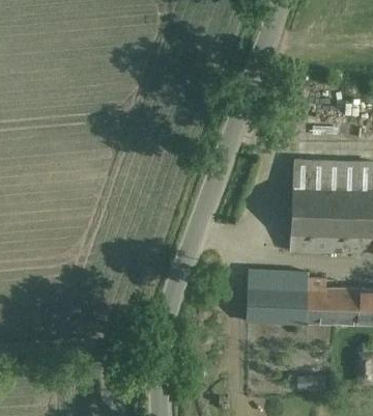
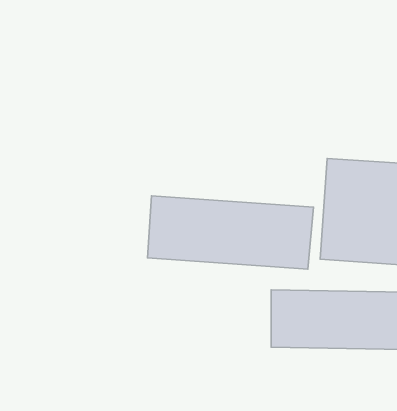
building: none -> [147,196,314,269]

